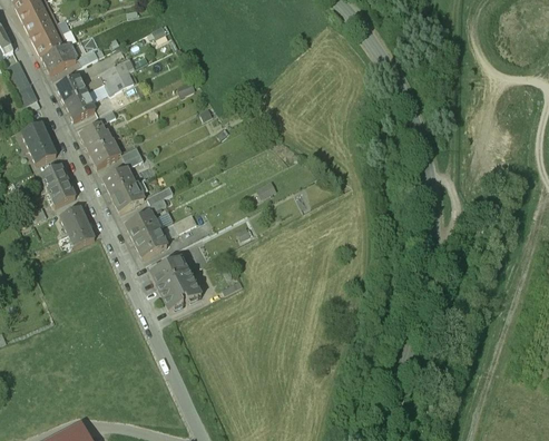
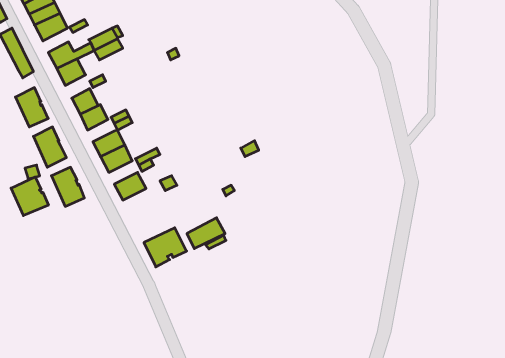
building: none -> [11,177,48,216]
building: [134,227,167,257] -> none
building: [148,252,188,284] -> [187,218,225,249]

